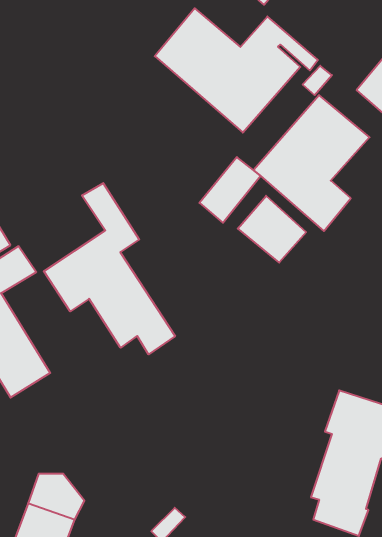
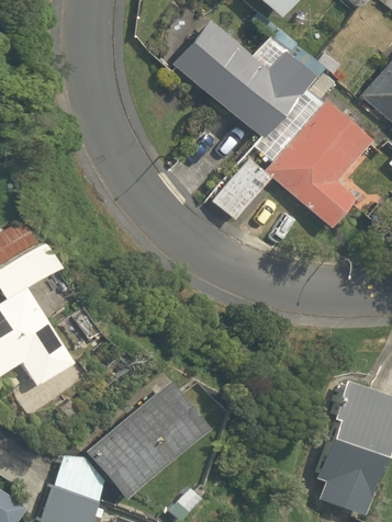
building: [44,183,175,354] -> none
building: [238,196,306,263] -> none
building: none -> [86,379,212,498]

